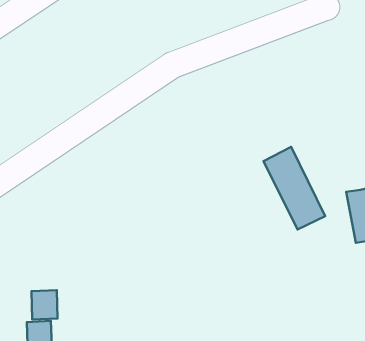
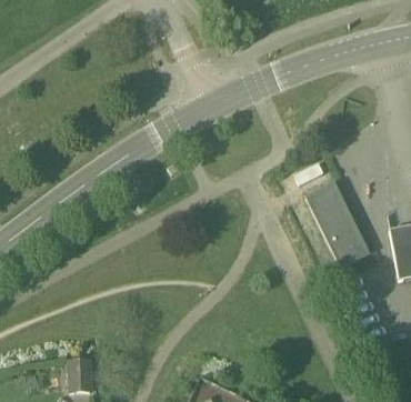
building: [31,290,57,319] -> none

